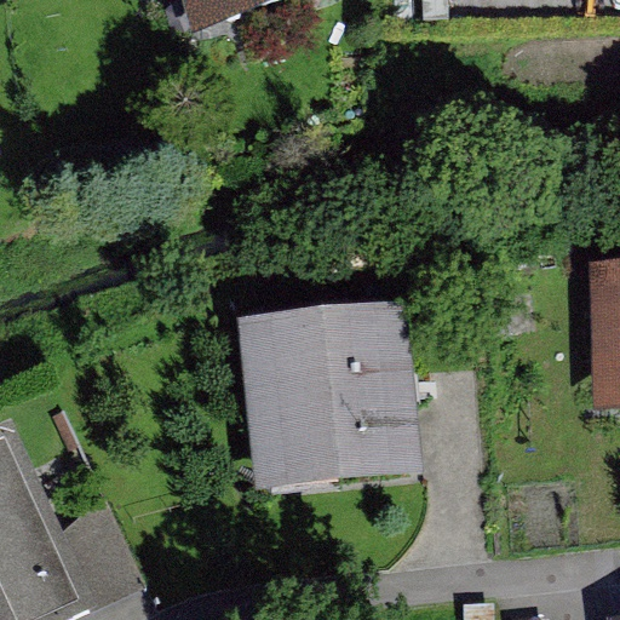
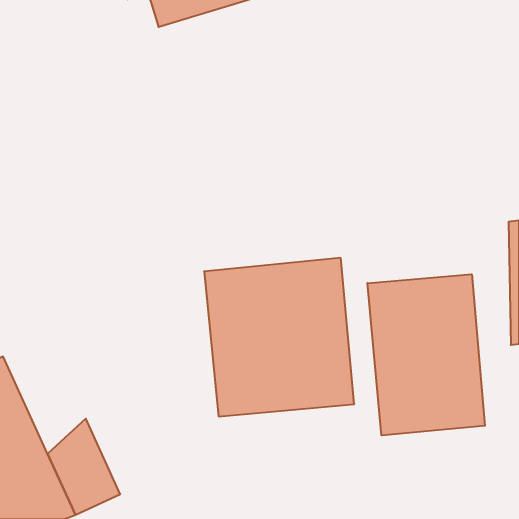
building: none -> [367,274,485,435]

